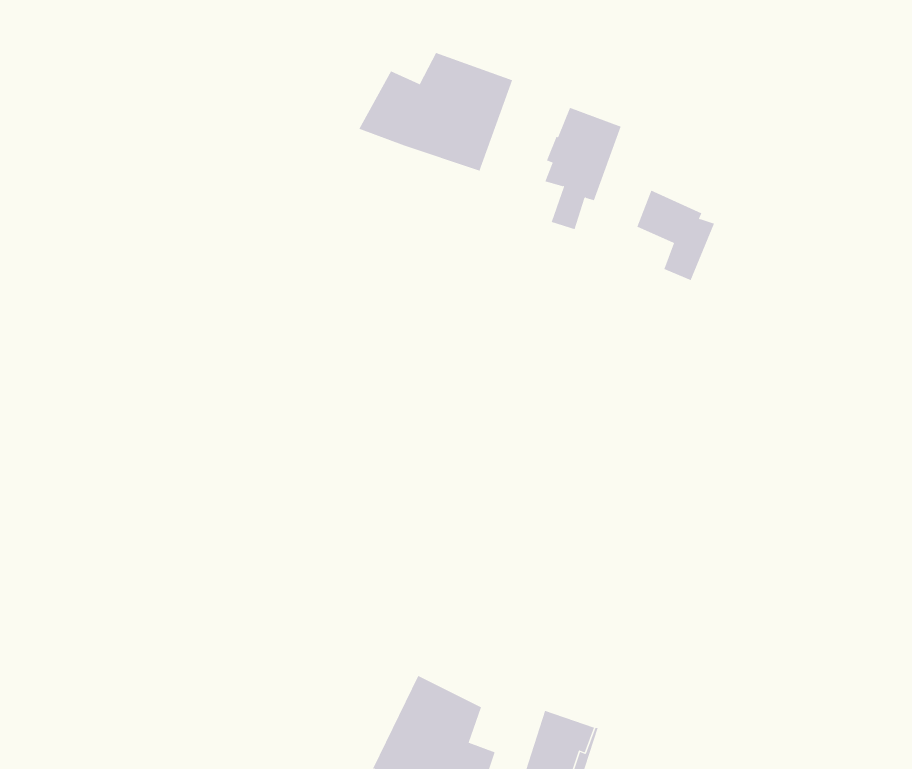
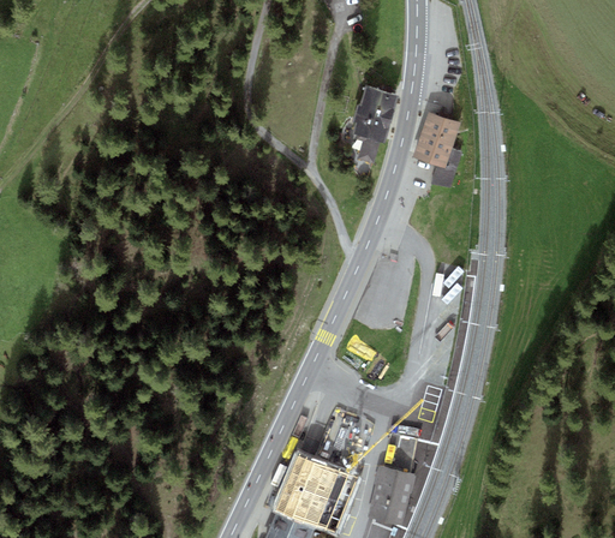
building: [359,52,513,172] -> none
building: none -> [419,112,460,145]

